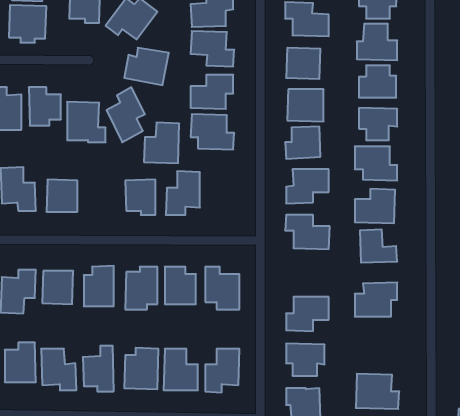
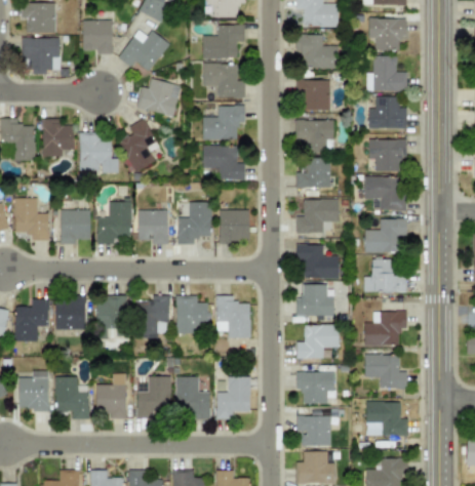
building: [144,123,179,163] -> [96,202,131,242]
building: none -> [220,209,249,241]
building: none -> [295,284,333,316]
building: none -> [364,354,406,389]

